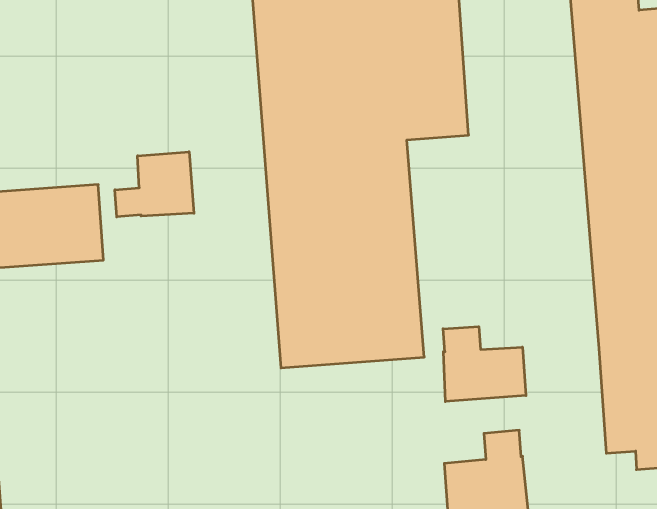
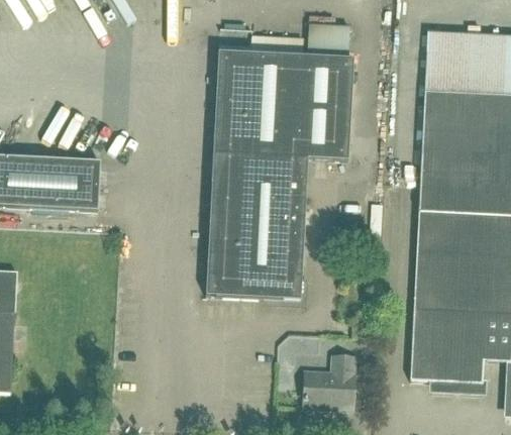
building: [115,152,194,217] -> none
building: [443,327,526,402] -> none

